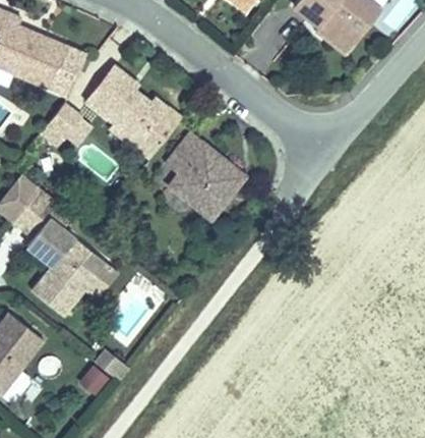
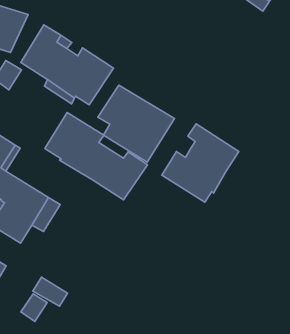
building: none -> [45,112,147,200]
building: none -> [162,124,239,202]

